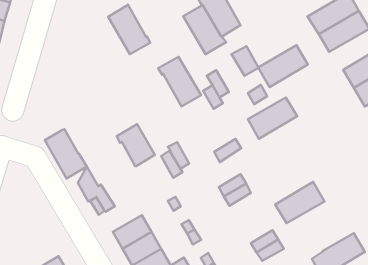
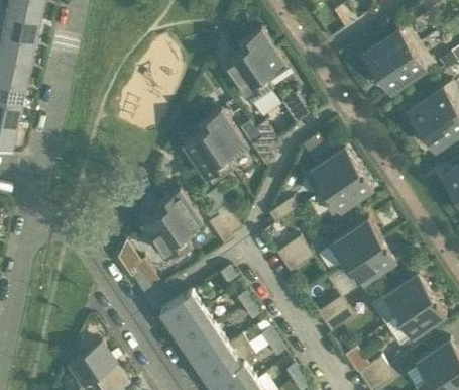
building: [108,5,150,54] -> [183,130,232,186]
building: [258,45,308,87] -> [317,168,372,217]
building: [45,129,87,179] -> [141,210,191,266]
building: none -> [325,219,381,269]
building: none -> [382,274,431,317]

